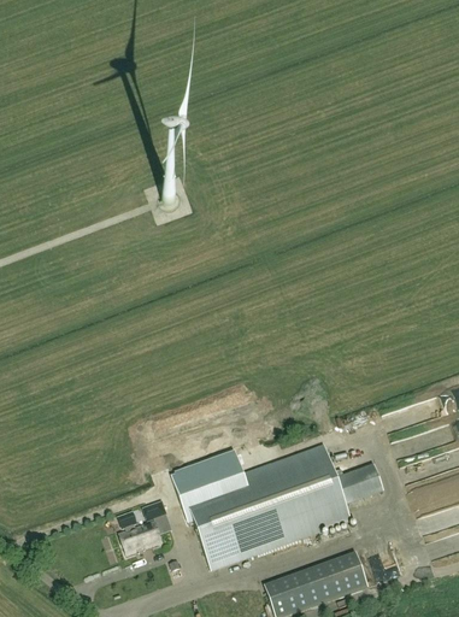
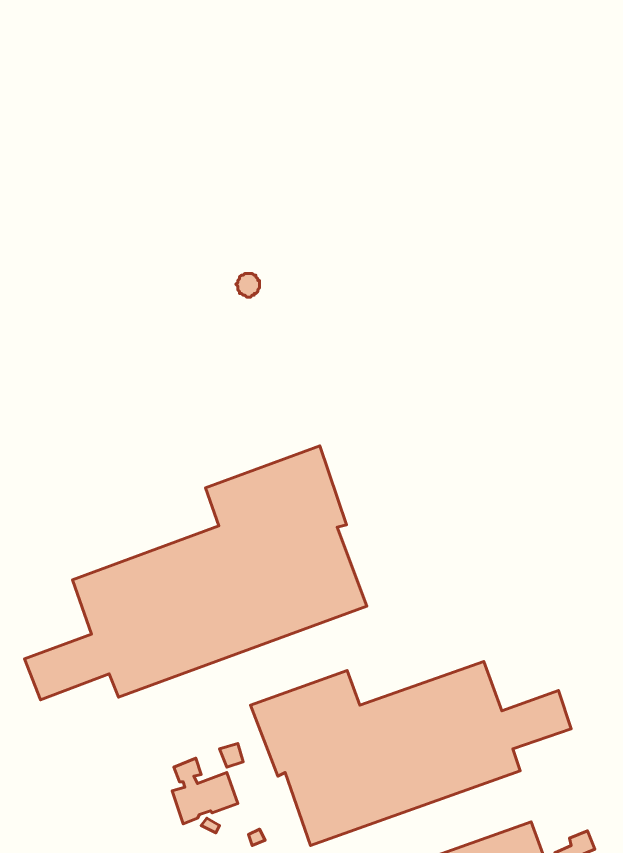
building: none -> [25,446,367,700]

